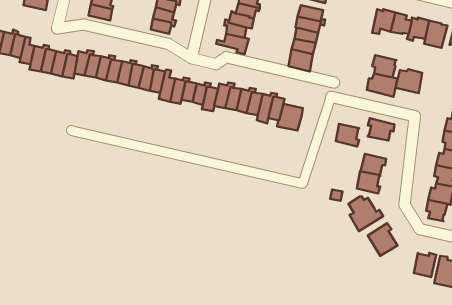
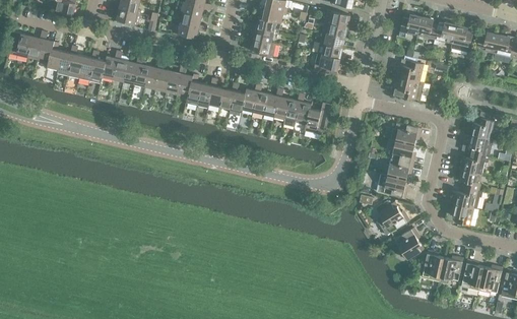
building: [395,69,422,93] -> none
building: [336,124,359,146] -> [391,140,414,163]
building: none -> [415,250,444,281]

